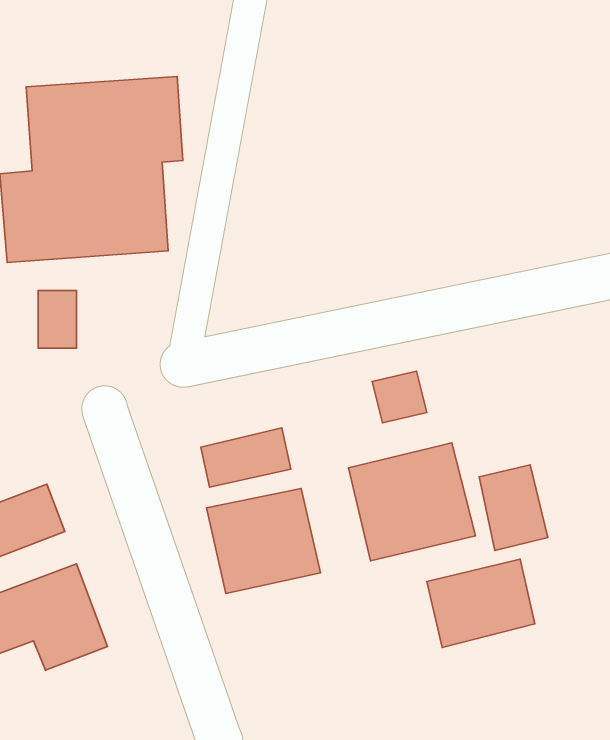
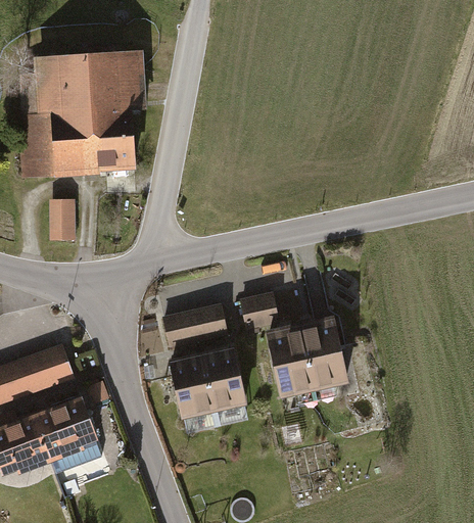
building: [372,371,427,423] -> [239,291,277,327]
building: [479,465,548,550] -> none
building: [427,559,535,647] -> none

